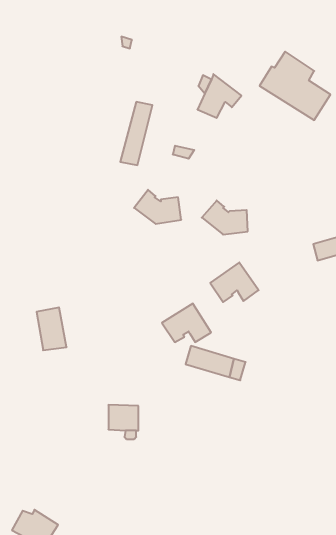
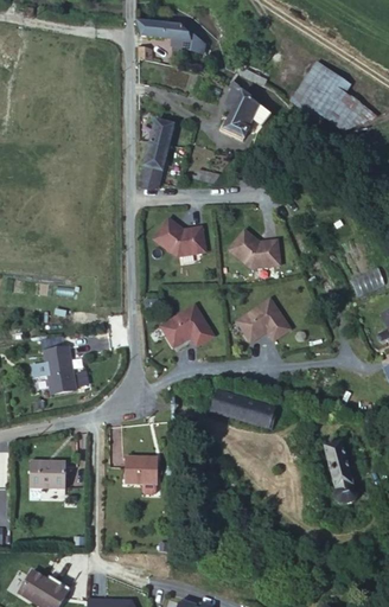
building: none -> [135,20,205,52]
building: [162,304,211,342] -> [160,304,215,346]
building: none -> [323,440,359,504]
building: none -> [28,461,66,488]

